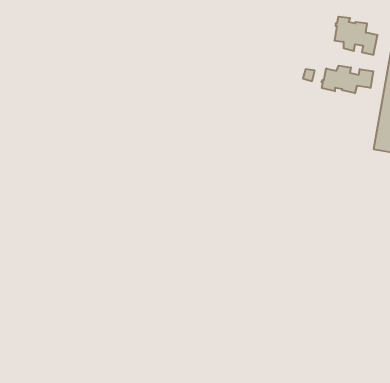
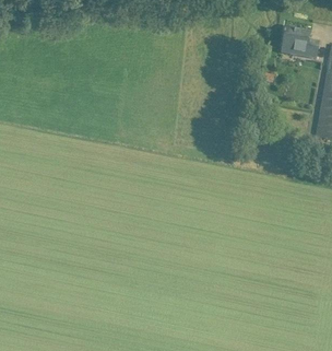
building: [321,66,373,93] -> none

